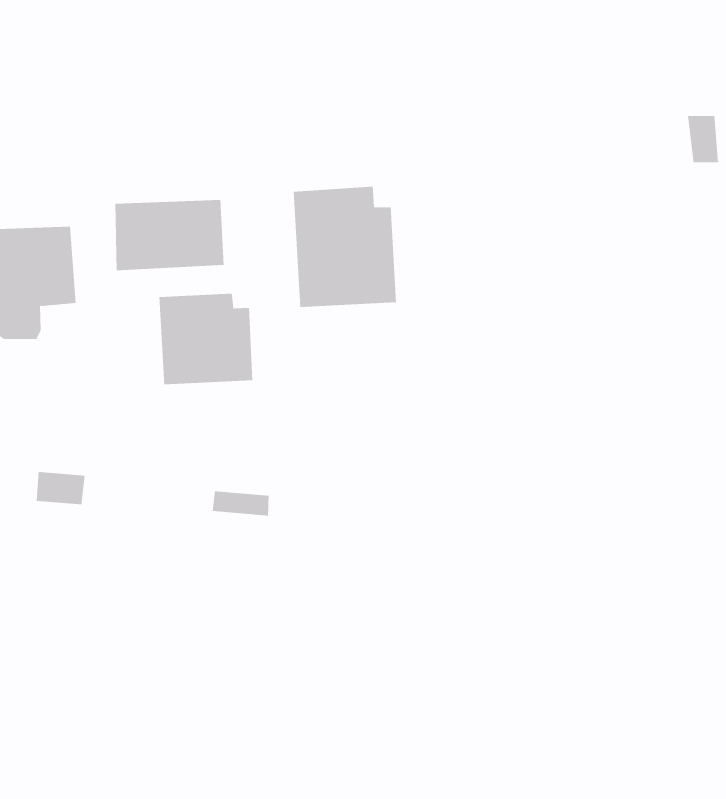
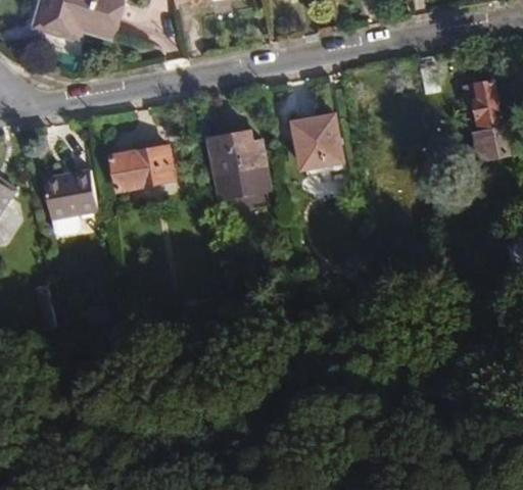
building: none -> [291,112,343,168]
building: [159,293,253,385] -> none

